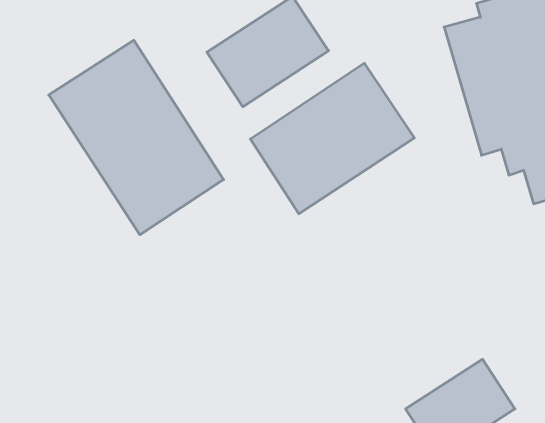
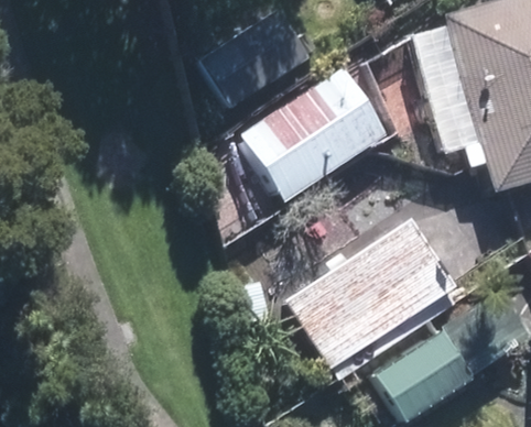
building: [49,40,224,235] -> none
building: none -> [283,218,462,379]

